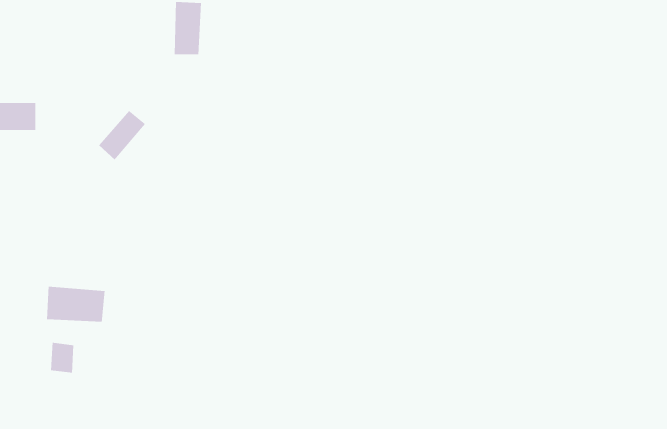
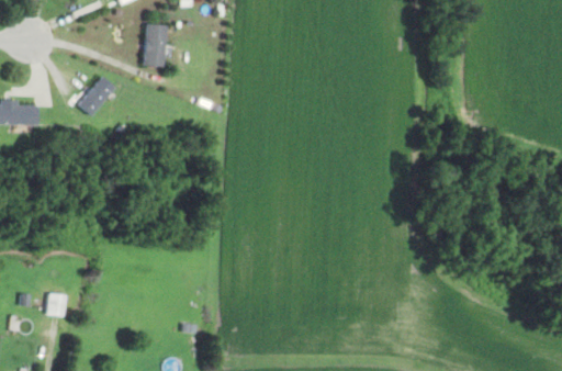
building: [98,110,146,161] -> [77,78,114,117]
building: [47,286,105,322] -> none

